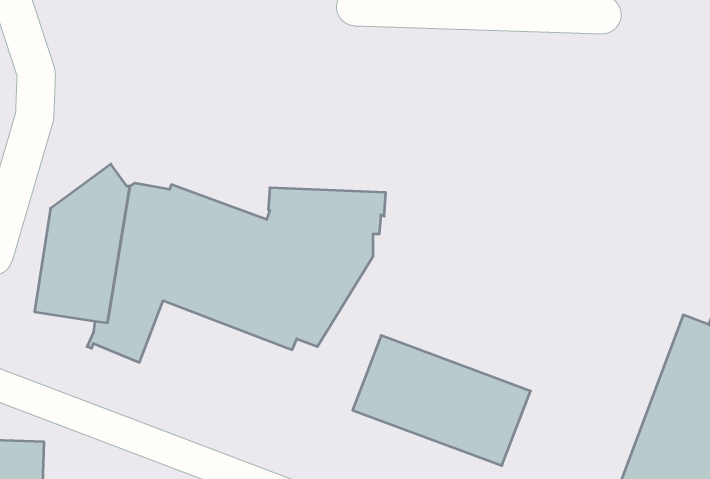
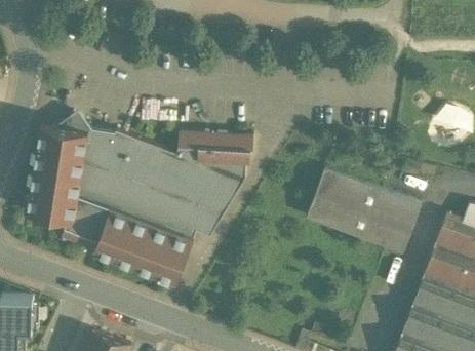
building: none -> [92,204,193,281]
building: [353,335,531,466] -> [306,168,421,252]

